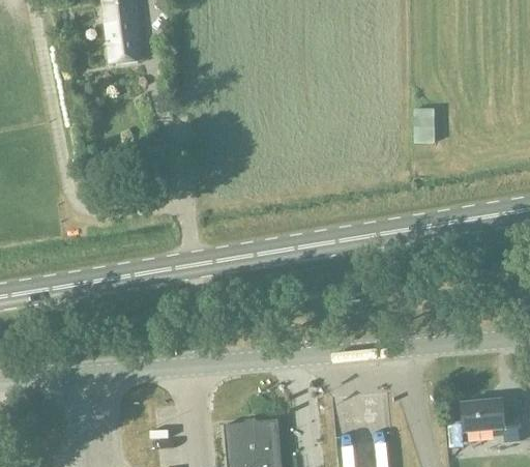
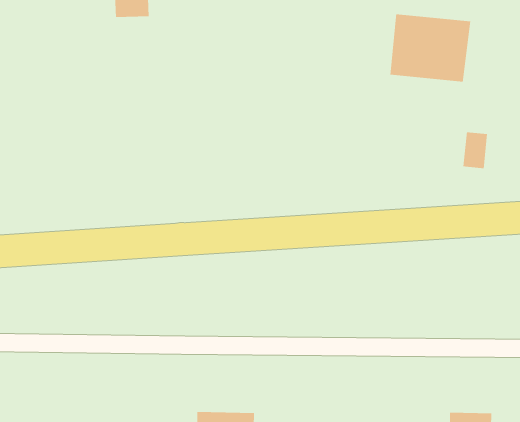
building: none -> [390,14,471,83]
building: [415,111,436,144] -> [463,132,488,169]

